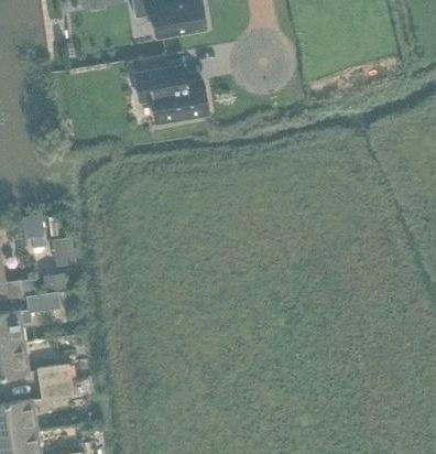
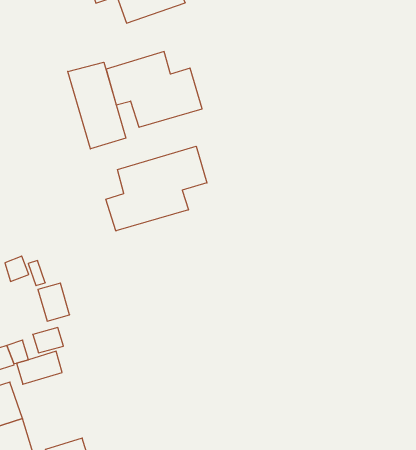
building: none -> [68,62,126,149]
building: none -> [106,146,207,231]

